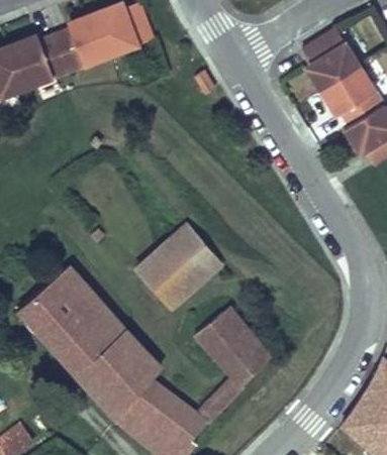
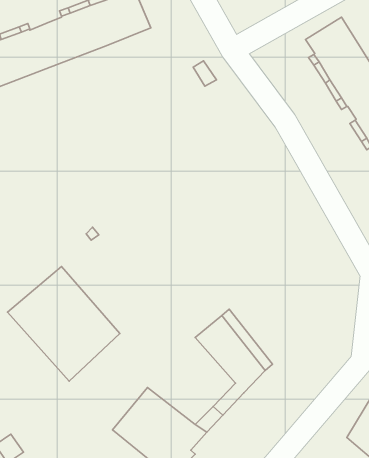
building: [136,225,220,307] -> none
building: [76,329,161,421] -> none

